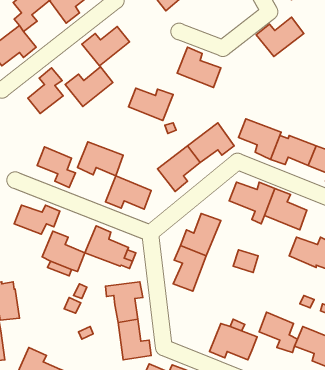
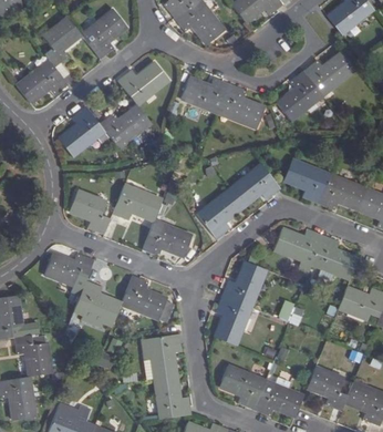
building: none -> [276,71,321,120]
building: [129,88,173,120] -> [182,78,229,112]
building: none -> [218,363,265,409]

